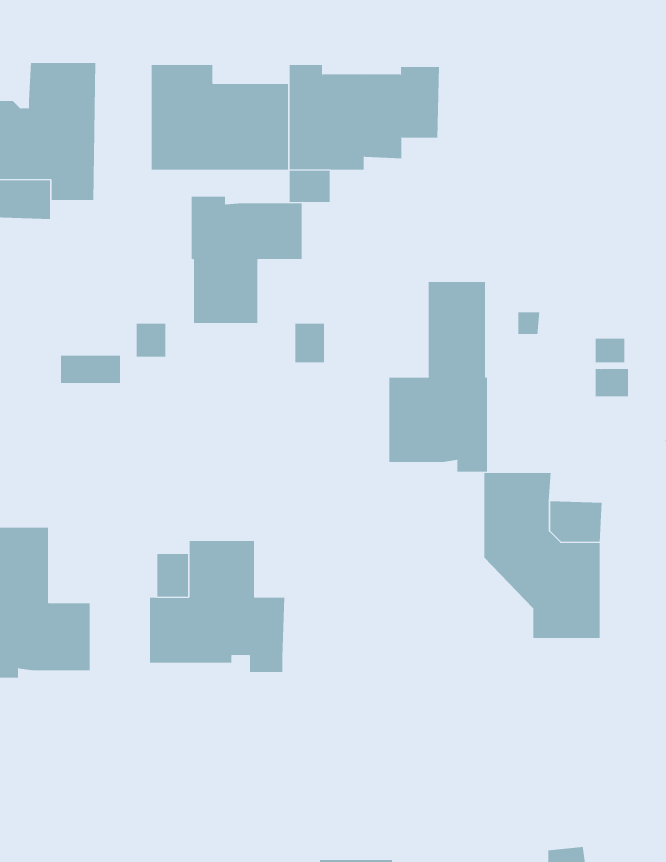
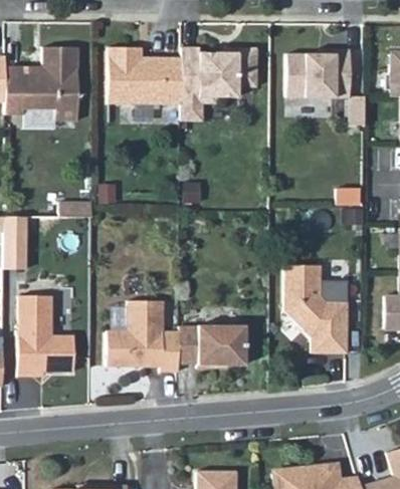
building: none -> [285,49,364,126]
building: [191,196,302,324] -> none
building: [389,281,487,472] -> none
building: none -> [178,324,244,368]

